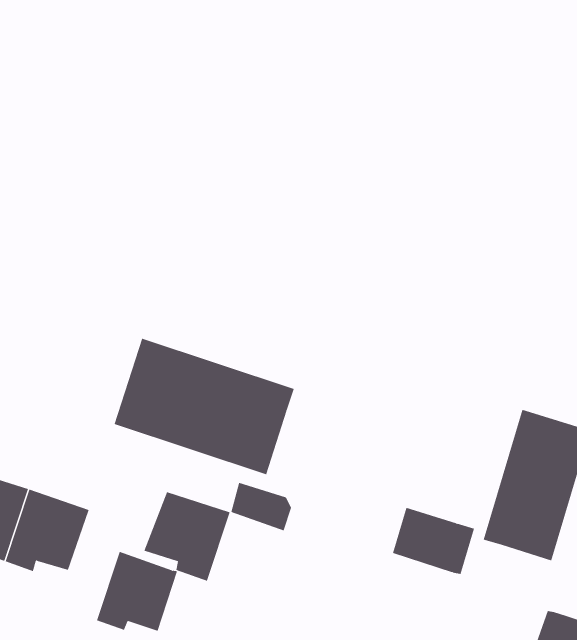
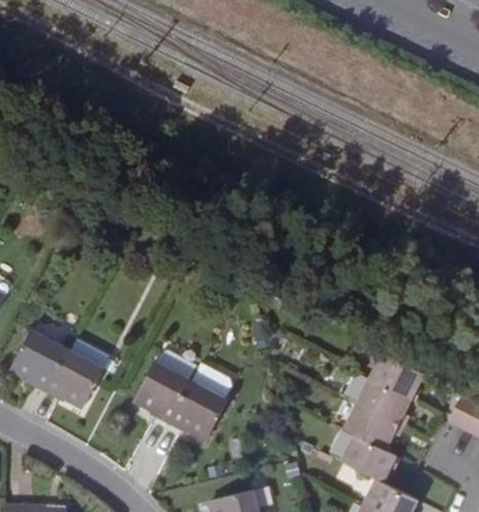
building: [114,338,294,475] -> none
building: [392,507,475,575] -> [340,434,394,482]
building: [96,551,178,631] -> [169,385,224,439]

